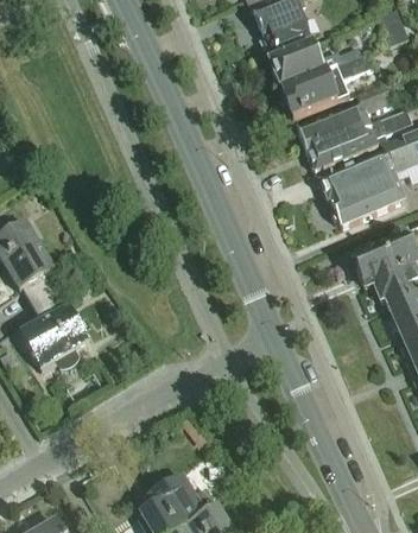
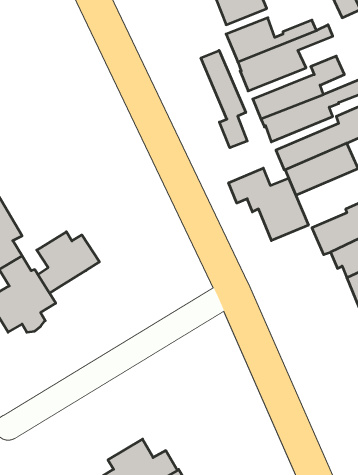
building: none -> [201,50,247,148]
building: none -> [229,168,308,241]
building: none -> [37,232,99,293]

